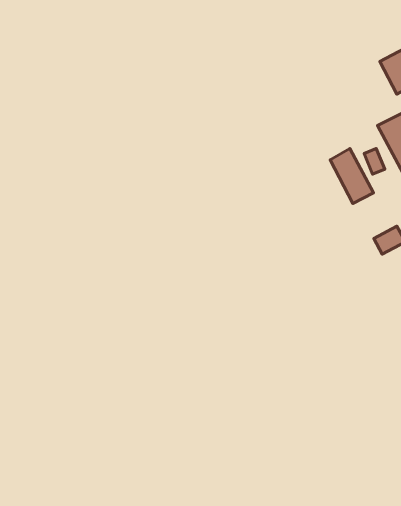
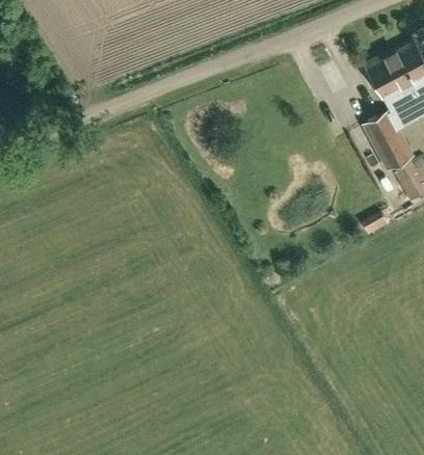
building: [330,149,374,204] -> none

